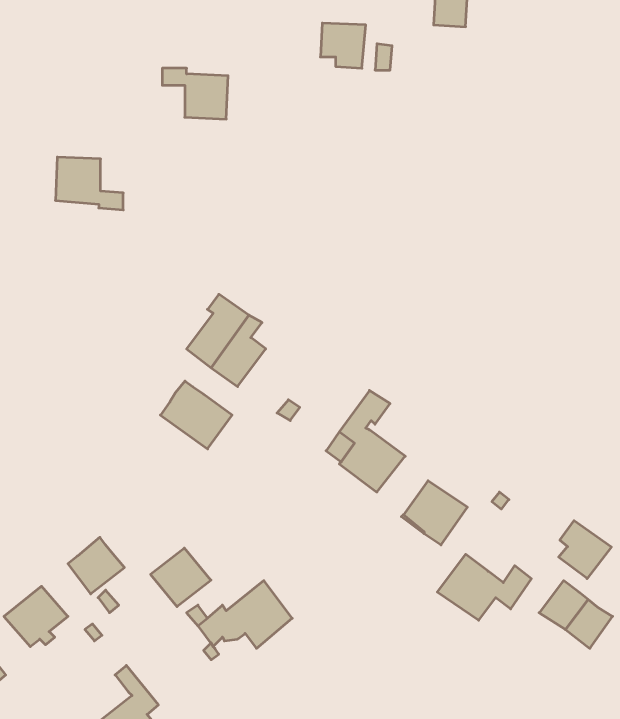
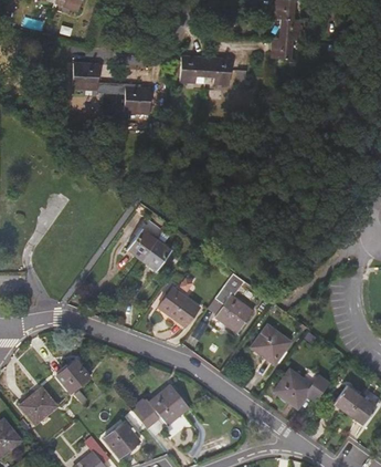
building: none -> [180,55,205,81]
building: [55,157,123,210] -> [72,62,112,93]
building: [160,381,232,449] -> [158,287,200,326]
building: [559,521,611,579] -> none
building: [151,548,211,607] -> [104,422,139,456]

